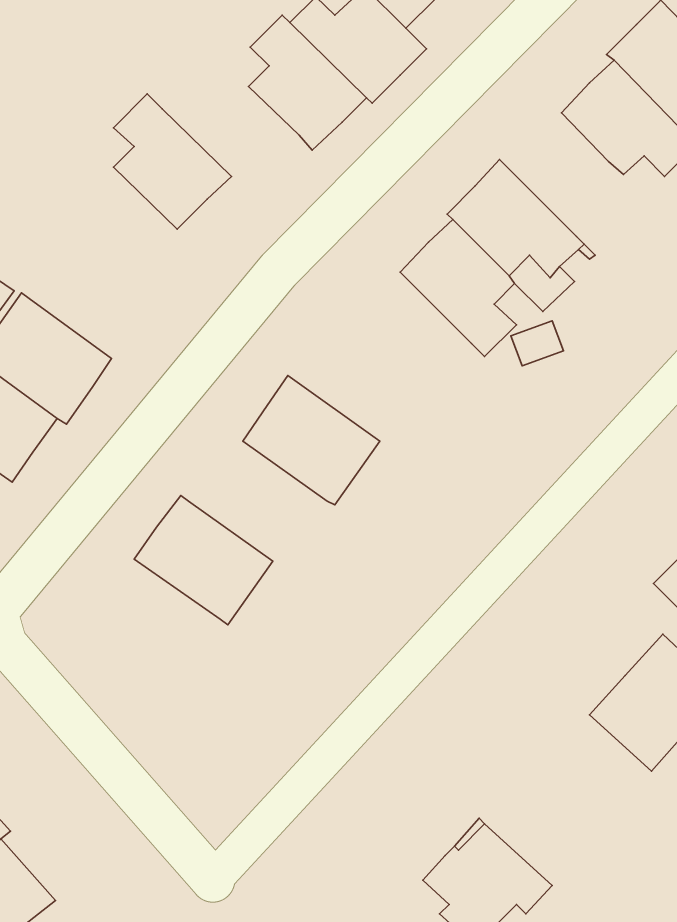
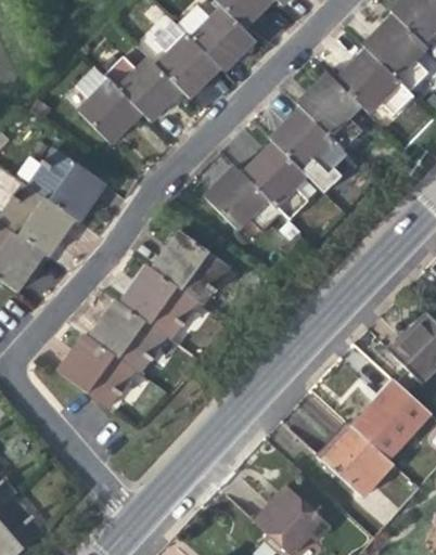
building: none -> [105,55,184,121]
building: none -> [296,69,364,149]
building: none -> [28,146,107,221]
building: none -> [204,163,284,231]
building: none -> [120,263,201,339]
building: none -> [57,332,139,408]
building: none -> [321,425,393,495]

